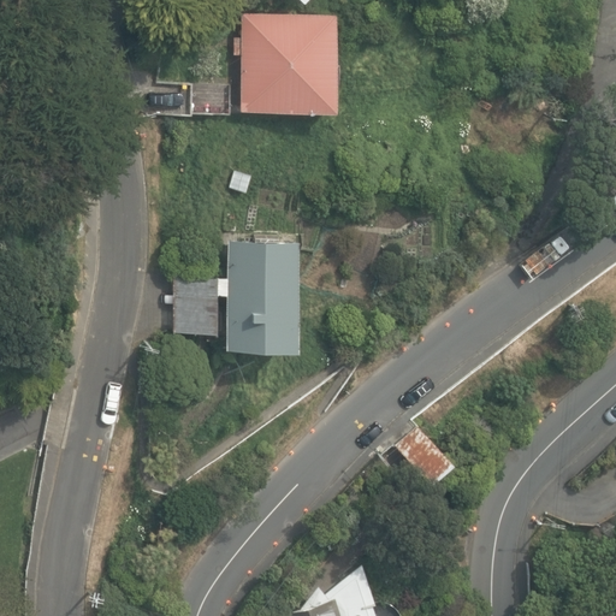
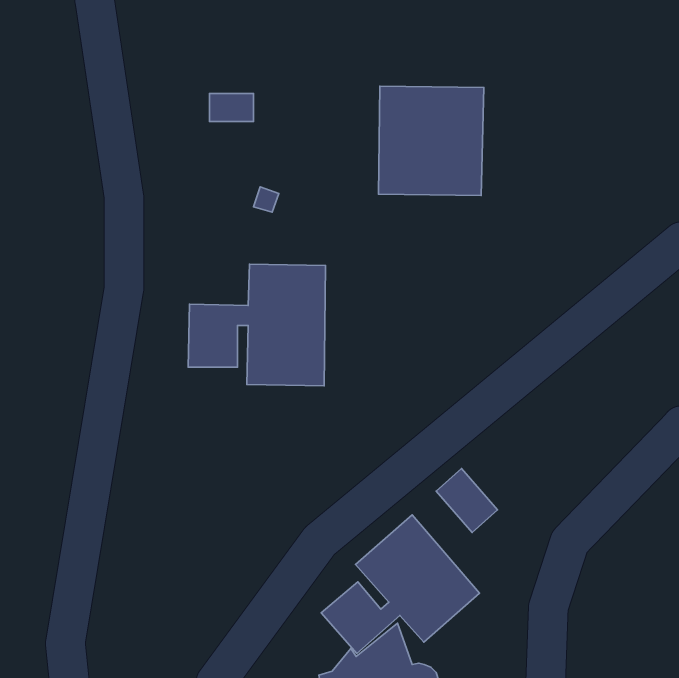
building: [243,16,338,114] -> [378,86,484,195]
building: none -> [321,515,480,653]

